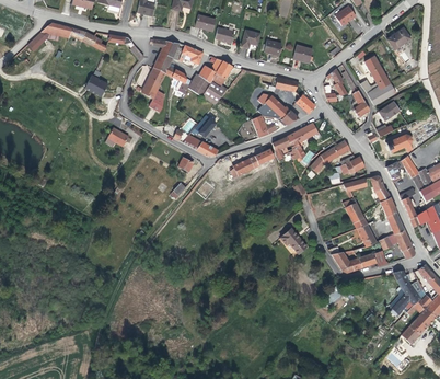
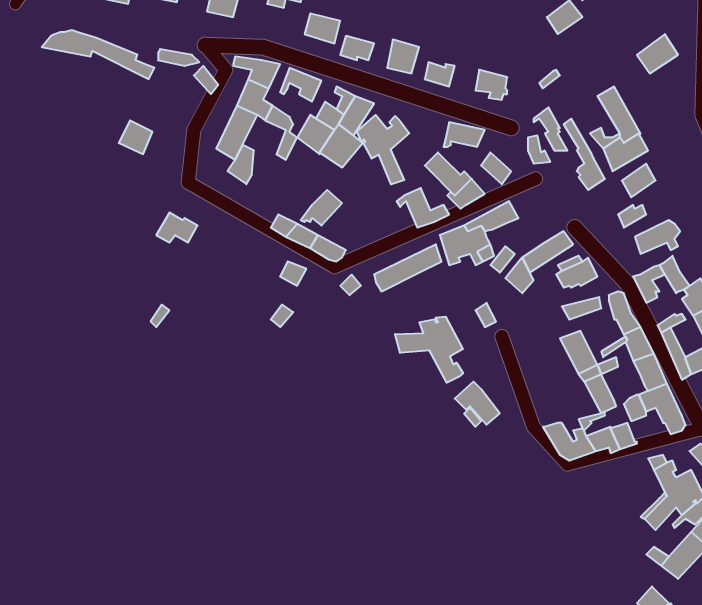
building: none -> [357,115,409,184]
building: none -> [395,317,463,383]

